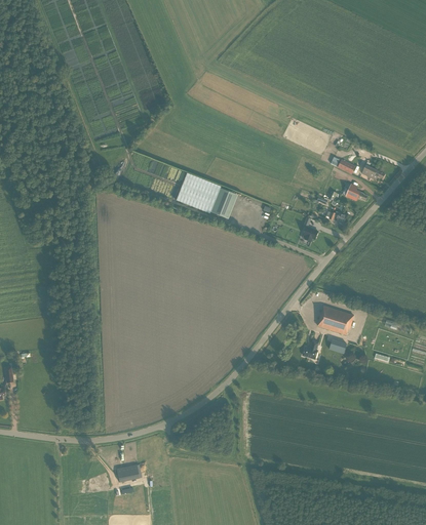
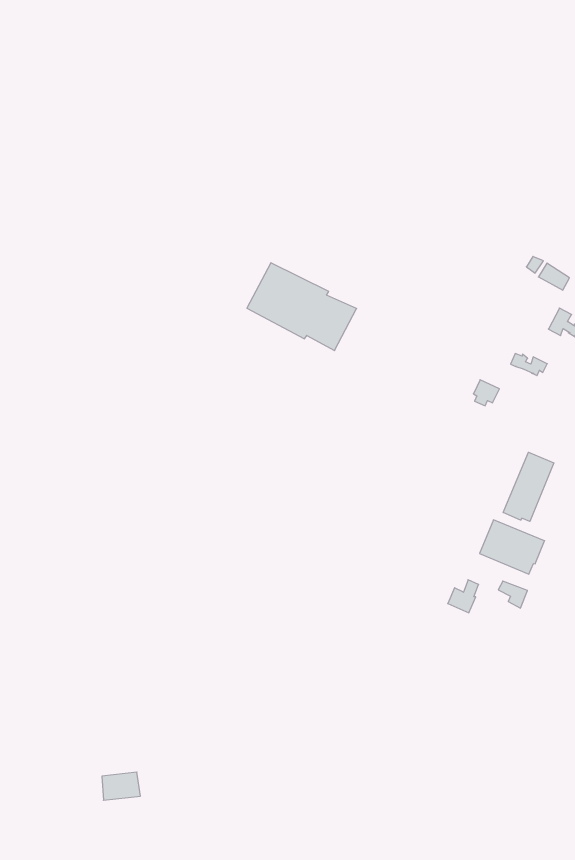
building: none -> [503,452,554,521]

